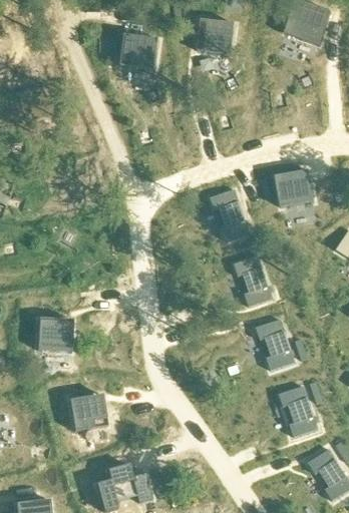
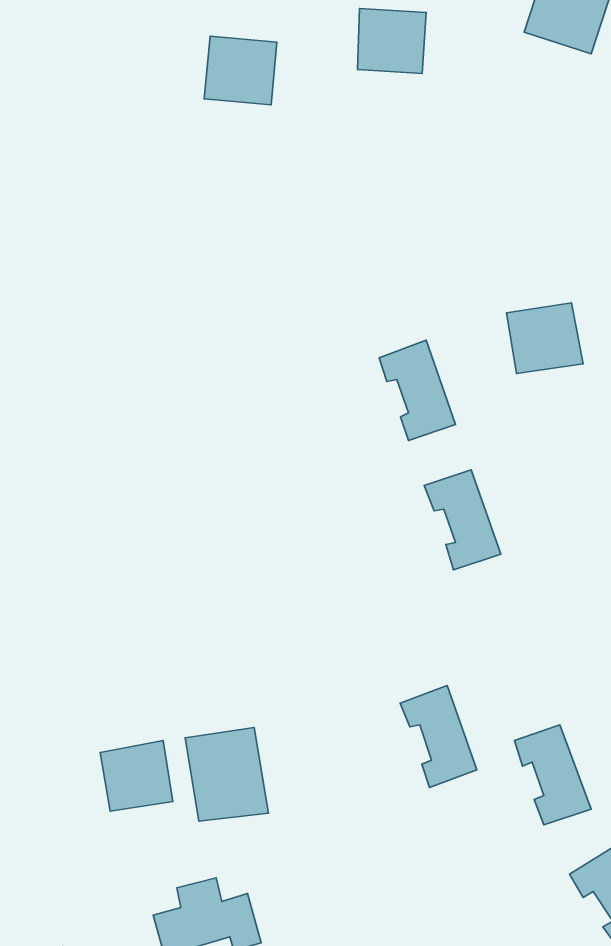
building: [35,319,71,352] -> none
building: [255,319,294,371] -> [400,686,477,788]
building: none -> [185,727,268,821]

